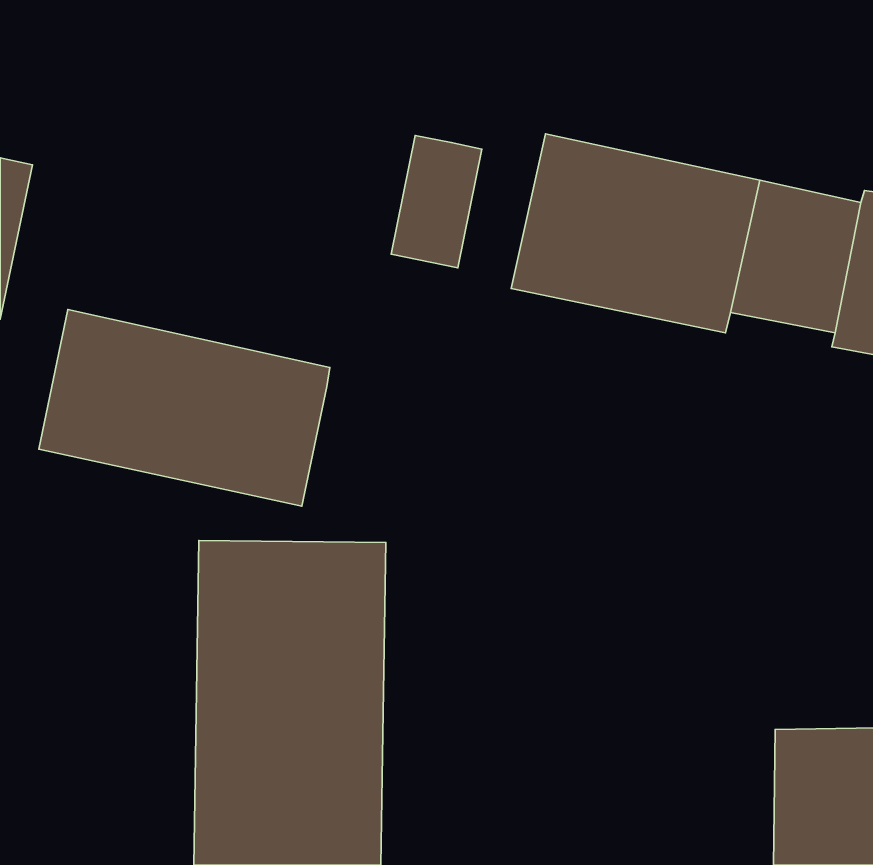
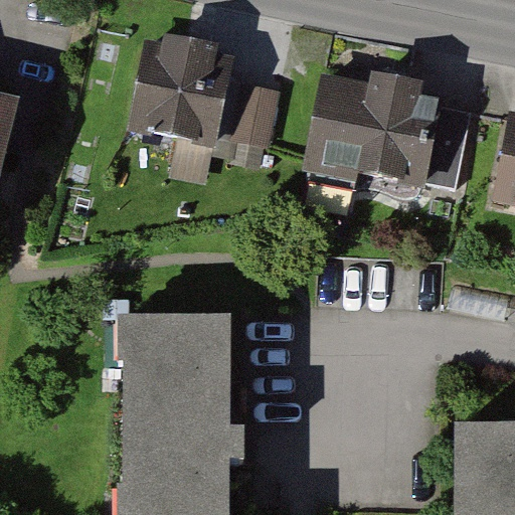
building: none -> [131,28,240,143]
building: [39,309,330,506] -> none

